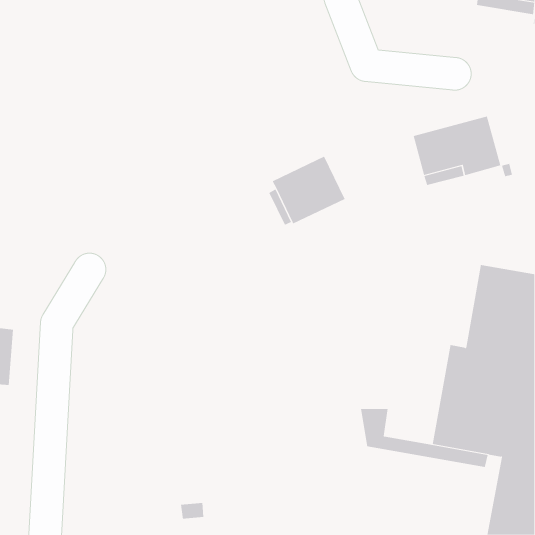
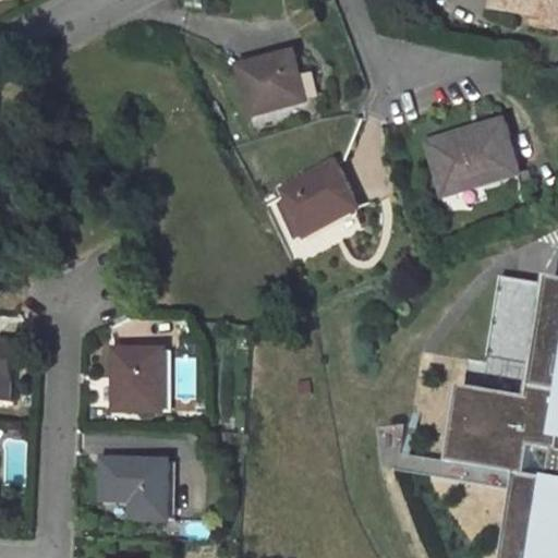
building: none -> [239,51,307,112]
building: none -> [114,349,166,410]
building: none -> [102,458,171,518]

